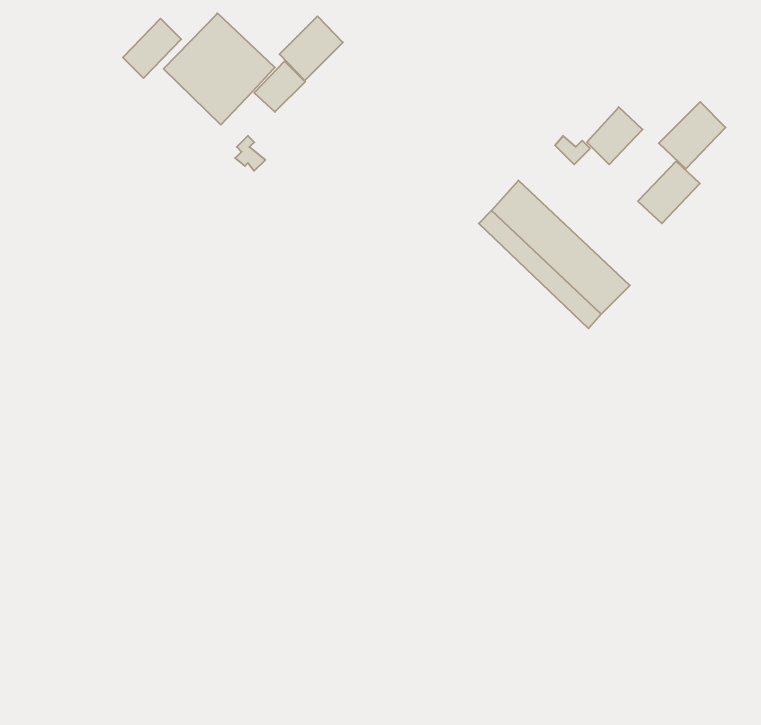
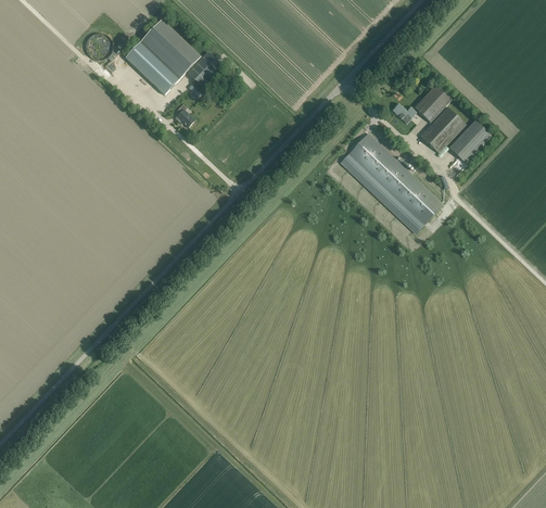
building: [279,16,343,80] -> none
building: [123,19,181,78] -> none
building: [659,102,726,169] -> [419,106,465,152]

